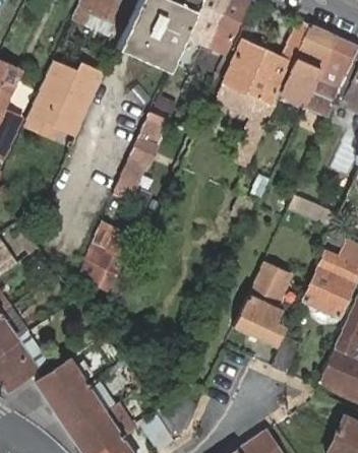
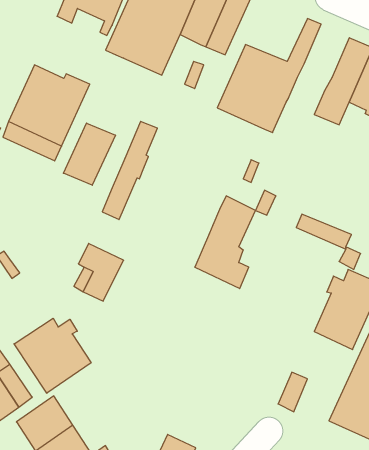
building: [279,24,336,106] -> none
building: none -> [63,123,115,185]
building: [234,262,289,345] -> [195,196,256,289]
building: none -> [14,318,91,393]

